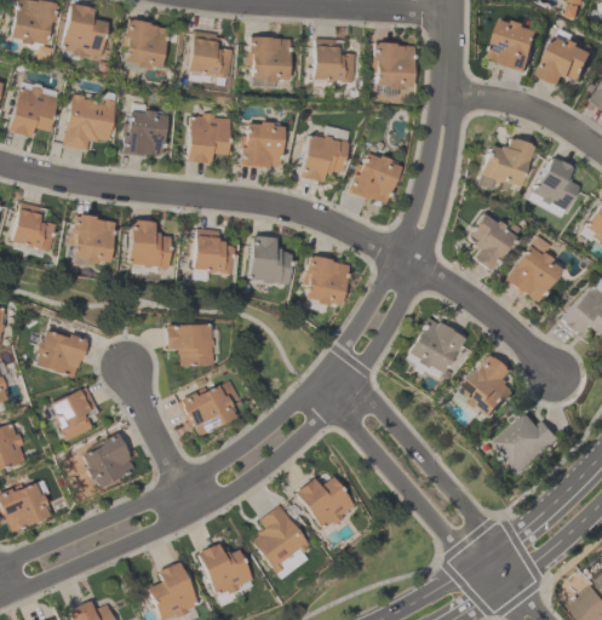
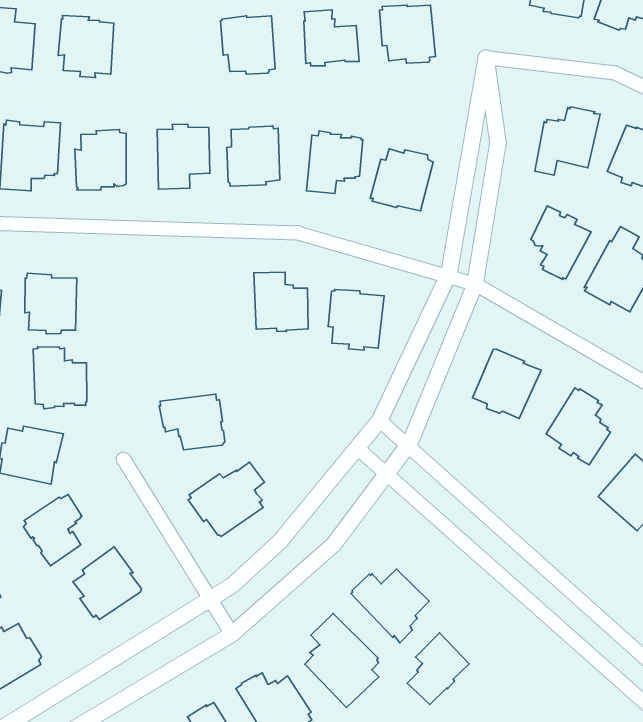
building: [189,30,233,78] -> none
building: [127,219,171,269] -> [33,347,87,409]
building: [193,229,235,274] -> none
building: none -> [407,633,469,704]

